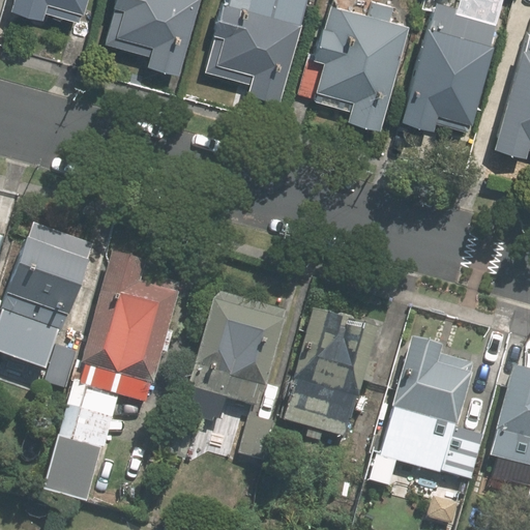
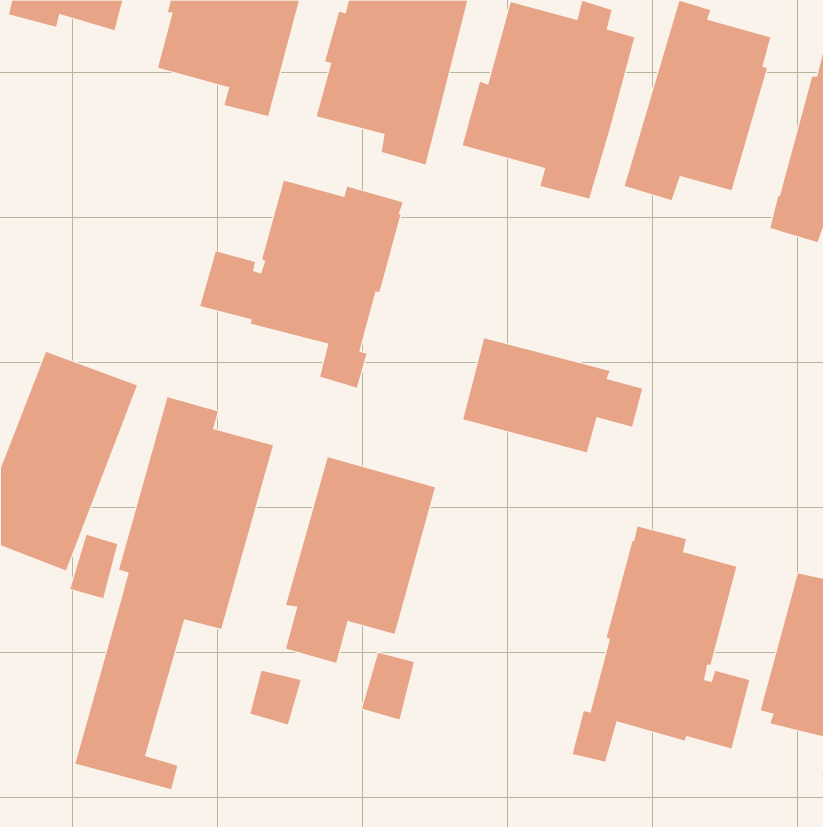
building: none -> [199,180,403,388]
building: none -> [462,337,643,453]
building: [285,312,378,441] -> none

